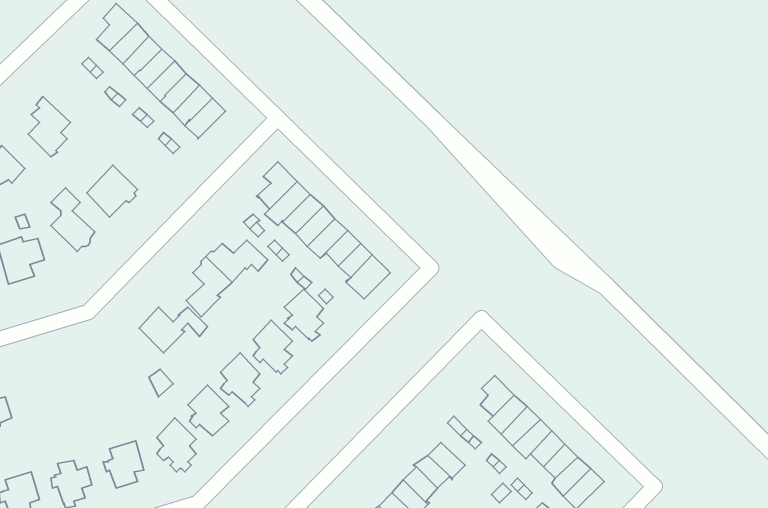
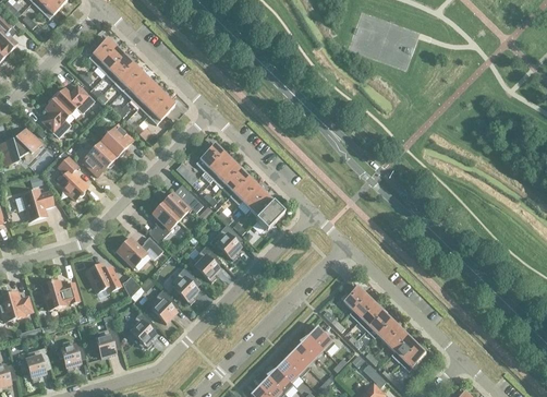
building: none -> [52,84,94,112]
building: none -> [99,122,134,157]
building: none -> [86,263,121,291]
building: none -> [41,279,78,309]

